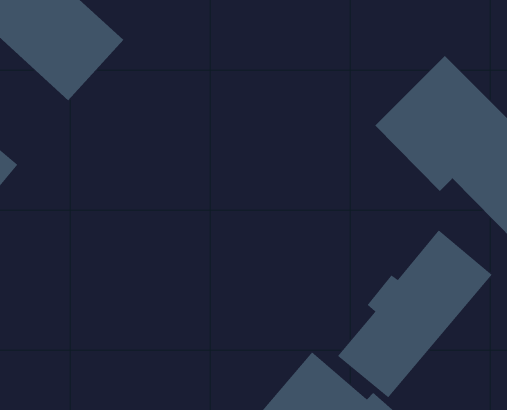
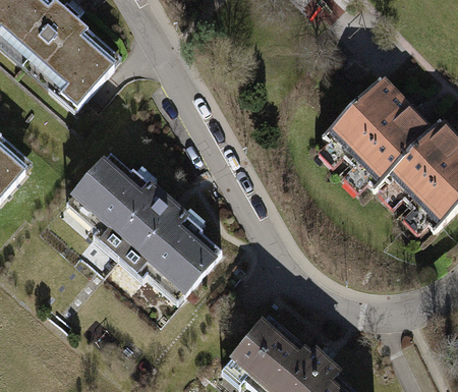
building: none -> [69,159,227,307]
building: [337,230,493,398] -> none

